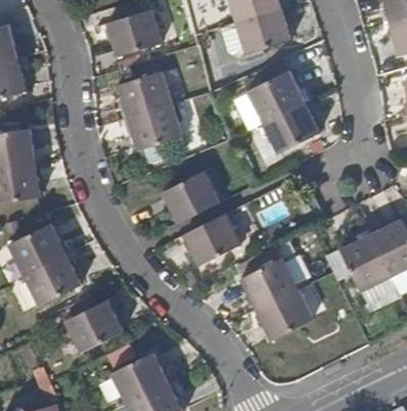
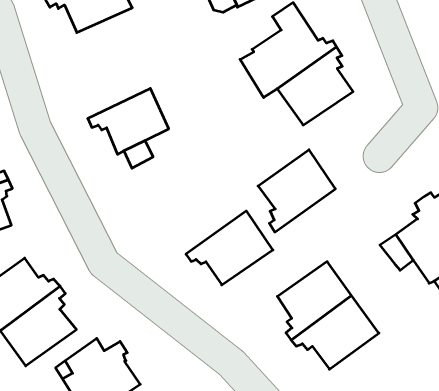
building: [116,74,169,121] -> none
building: [163,167,221,225] -> [258,150,335,232]

